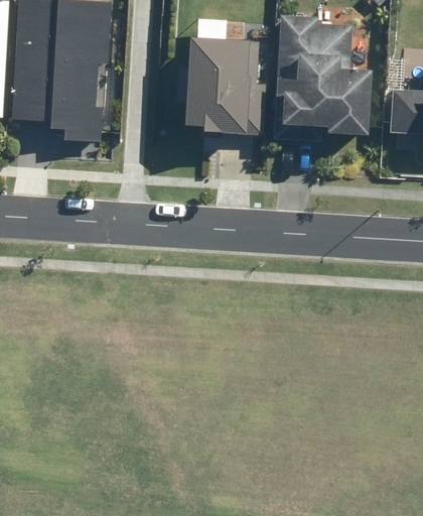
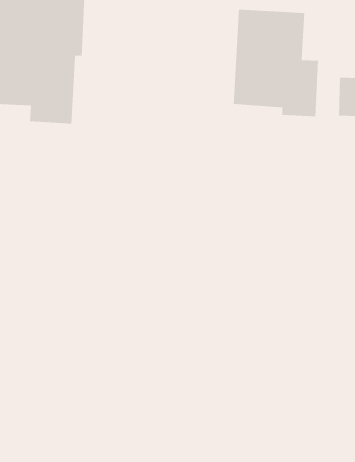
building: [185,16,266,133] -> none

